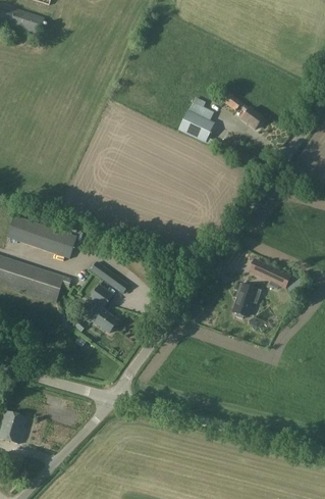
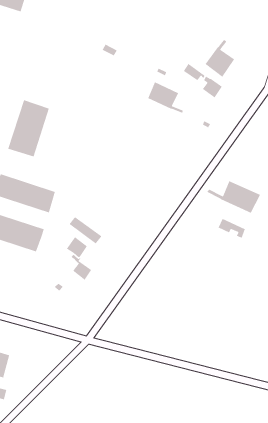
building: none -> [204,39,235,78]
building: none -> [7,99,50,158]
building: none -> [206,180,261,214]
building: [234,284,261,317] -> none

